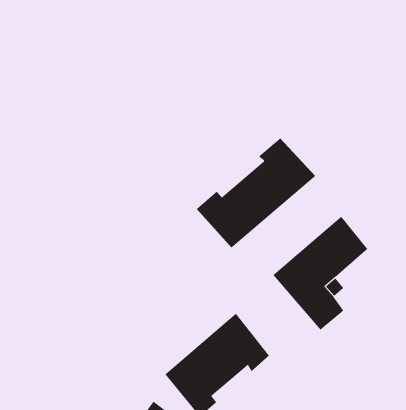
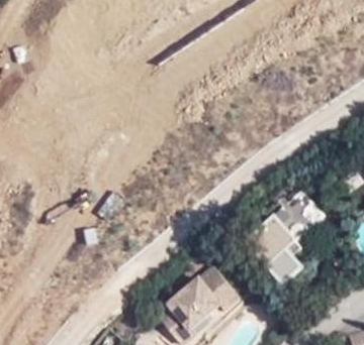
building: [196,138,316,248] -> none

